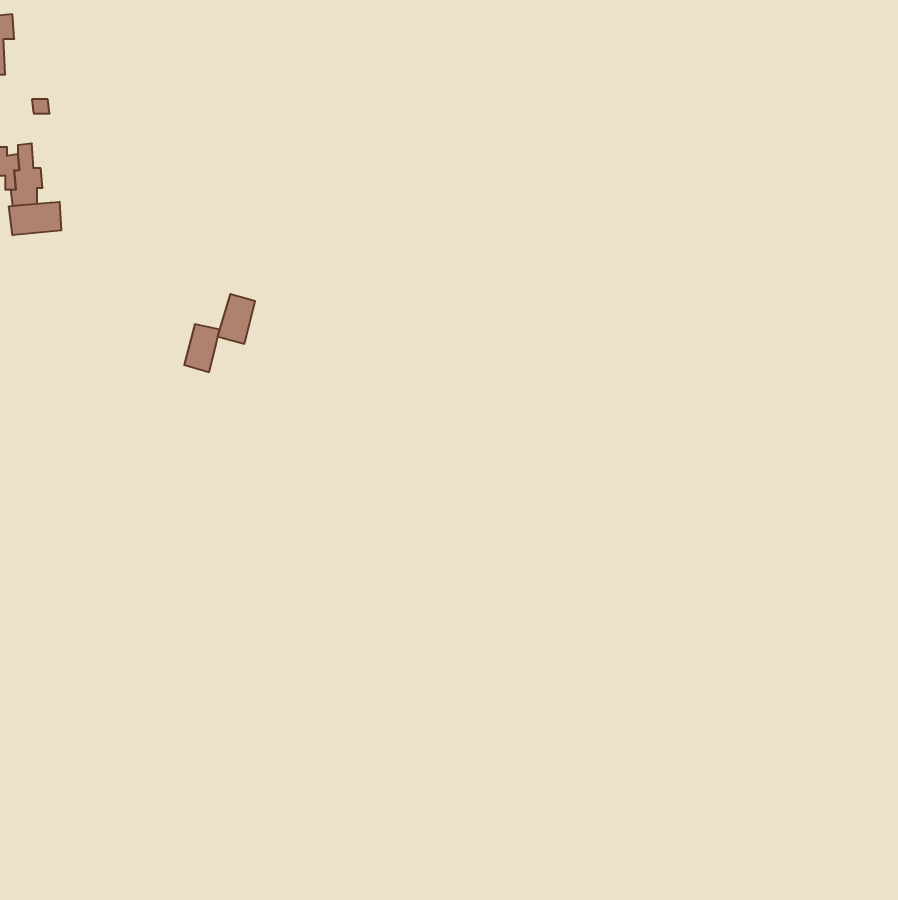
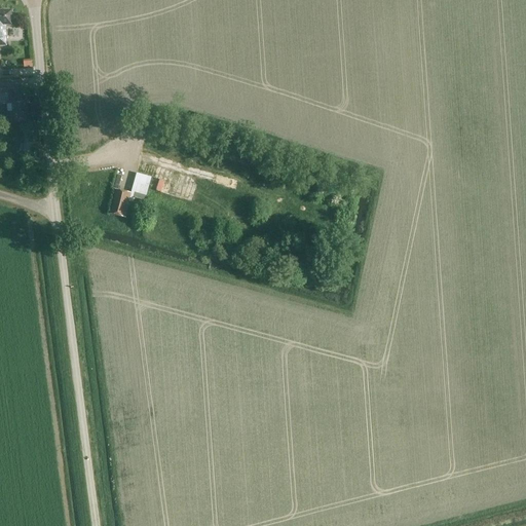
building: [9,202,61,235] -> none

